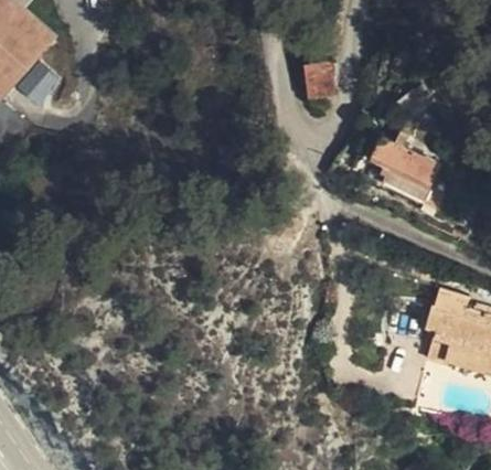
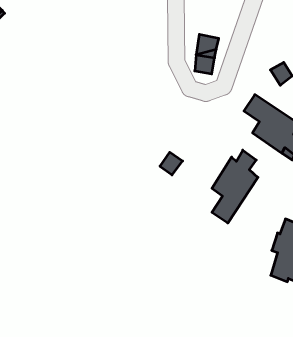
building: none -> [212,150,258,223]

